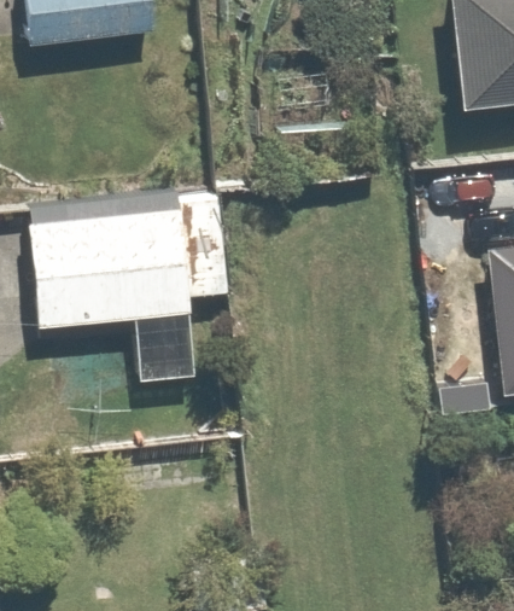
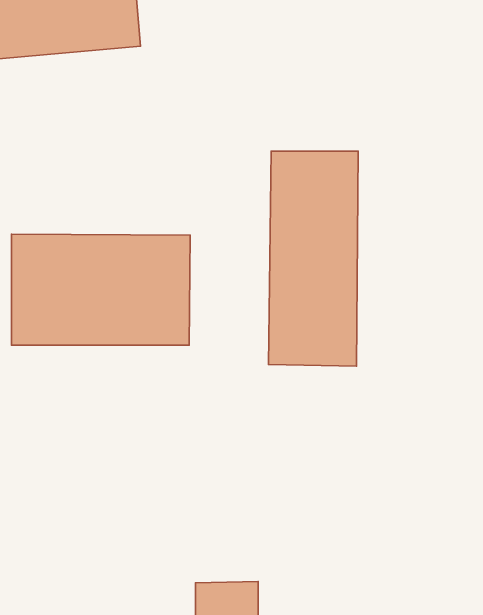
building: none -> [269,151,358,366]

